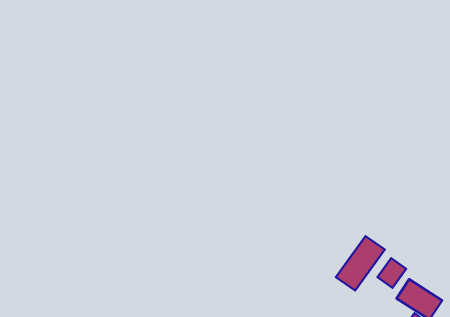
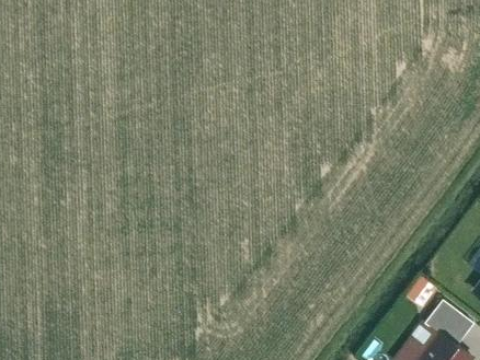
building: [336,236,385,290] -> none

